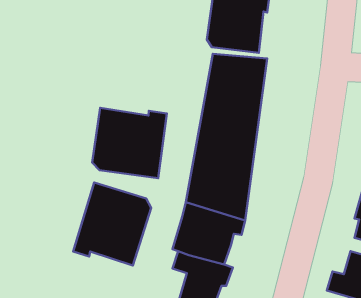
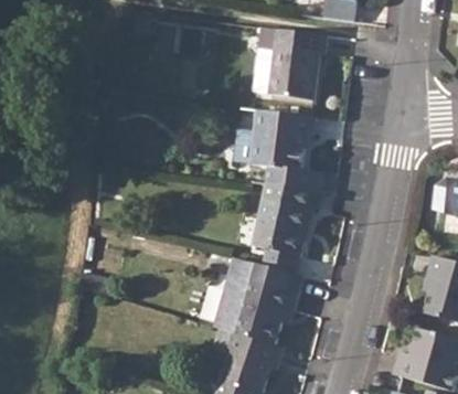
building: [92,108,167,178] -> none
building: [73,183,151,266] -> none

